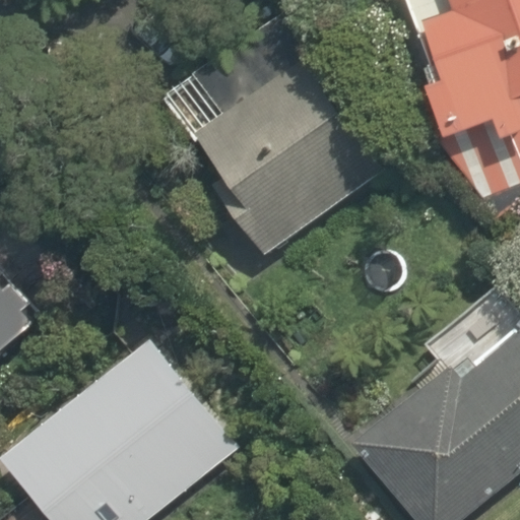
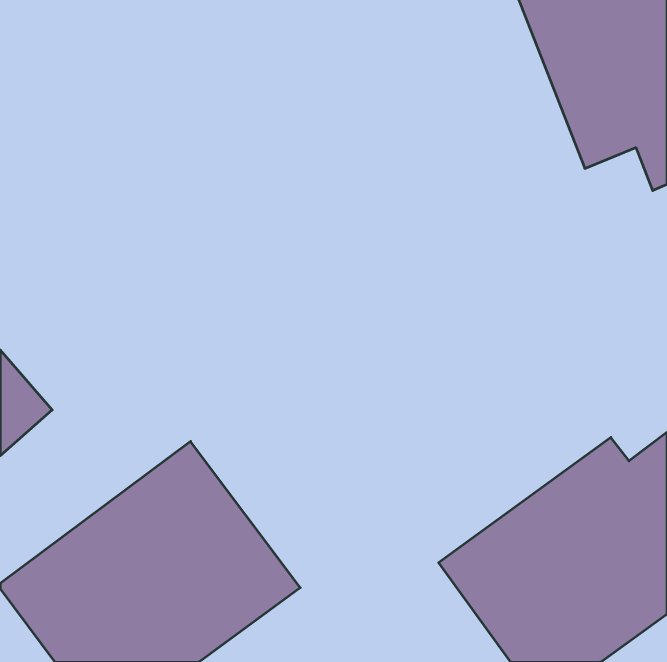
building: [195,43,388,252] -> none

